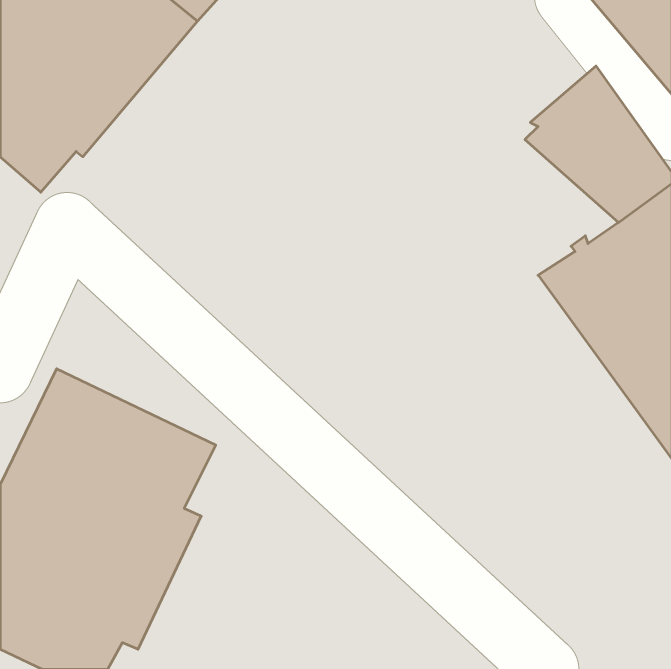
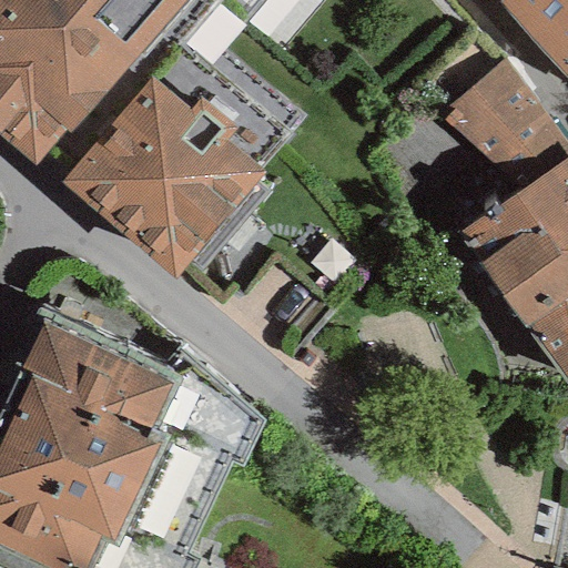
building: none -> [62,75,268,277]

